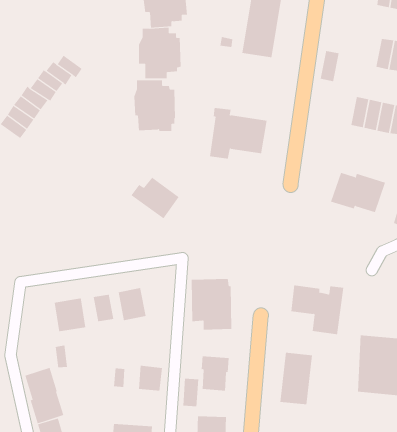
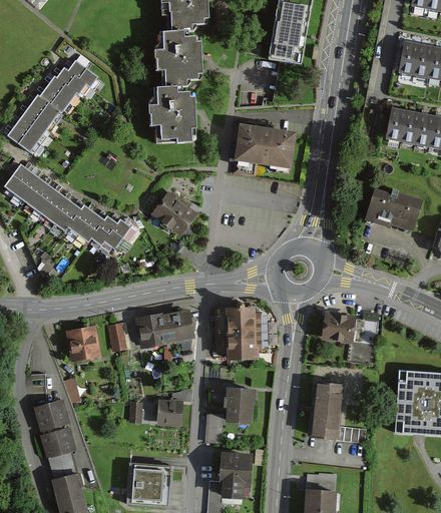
building: [320,50,339,82] -> [399,40,420,74]
building: none -> [11,168,137,252]
building: none -> [159,308,194,350]

